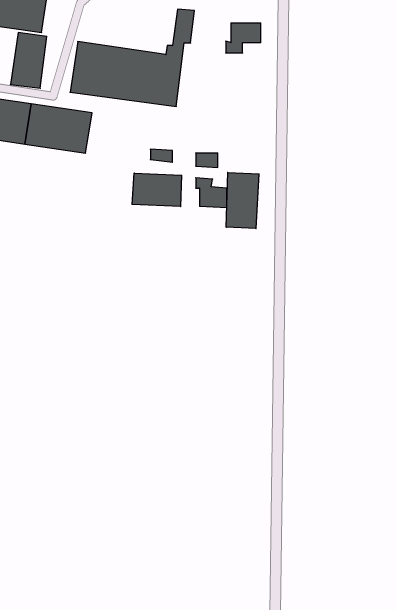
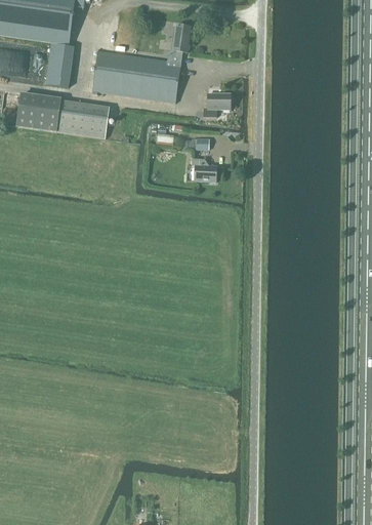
building: [226,23,261,53] -> [203,93,231,117]
building: [226,172,259,229] -> none
building: [132,173,182,207] -> none

